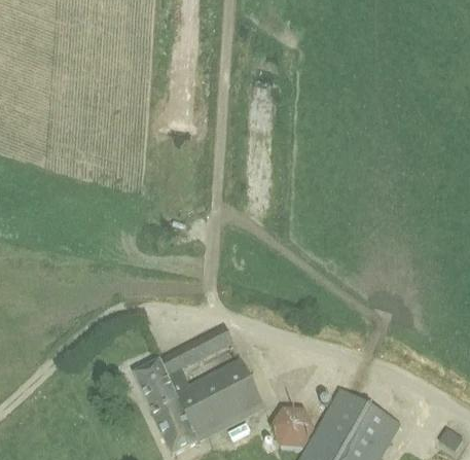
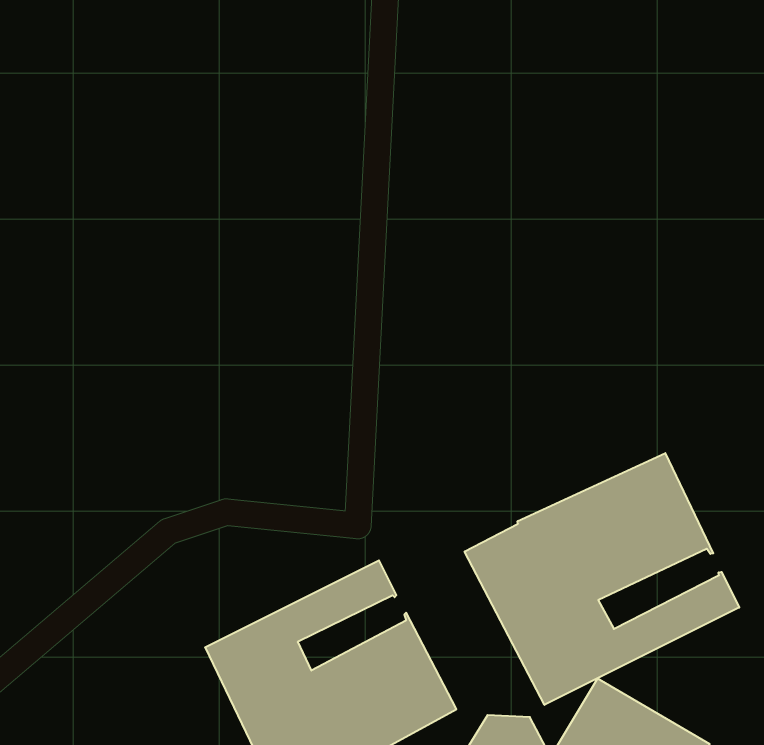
building: none -> [465,453,739,705]

